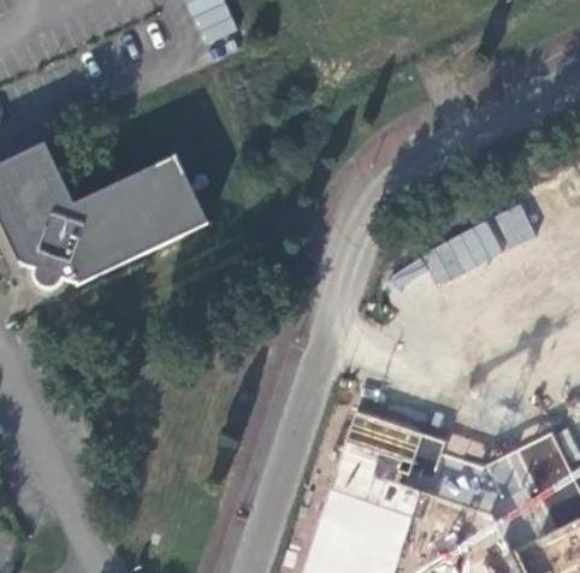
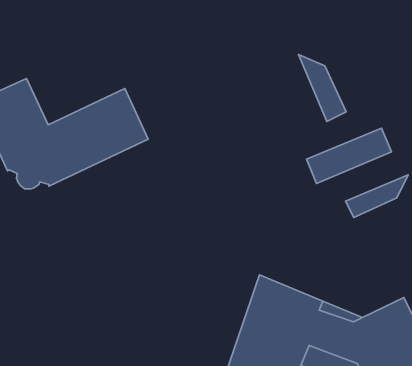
building: none -> [298,54,346,121]
building: none -> [345,175,408,218]

